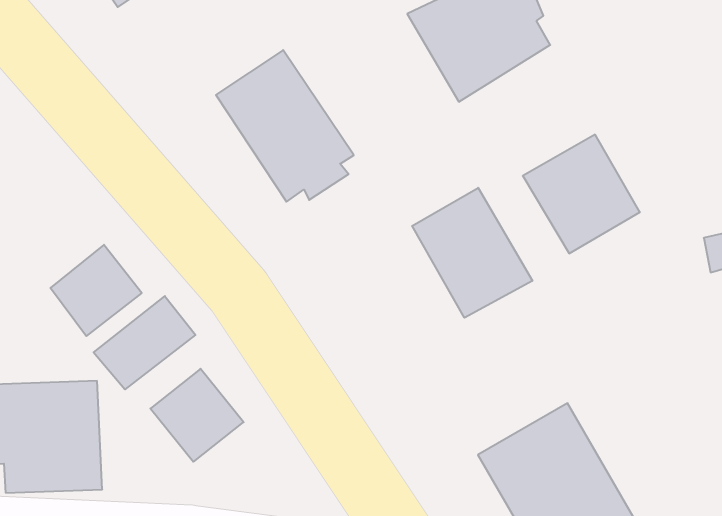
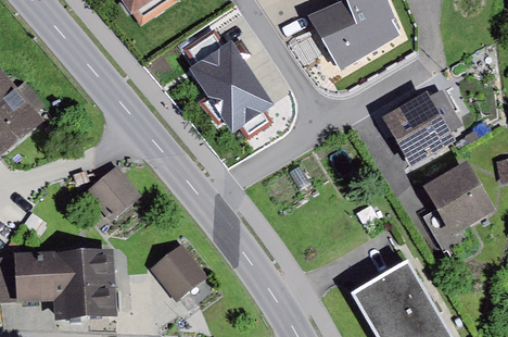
building: [412,188,532,318] -> none
building: none -> [423,162,495,235]
building: [94,296,195,389] -> none

